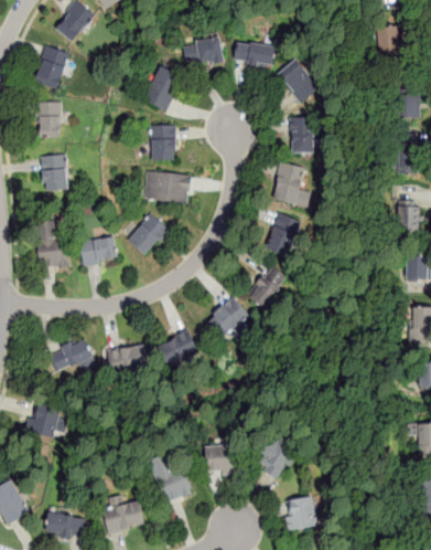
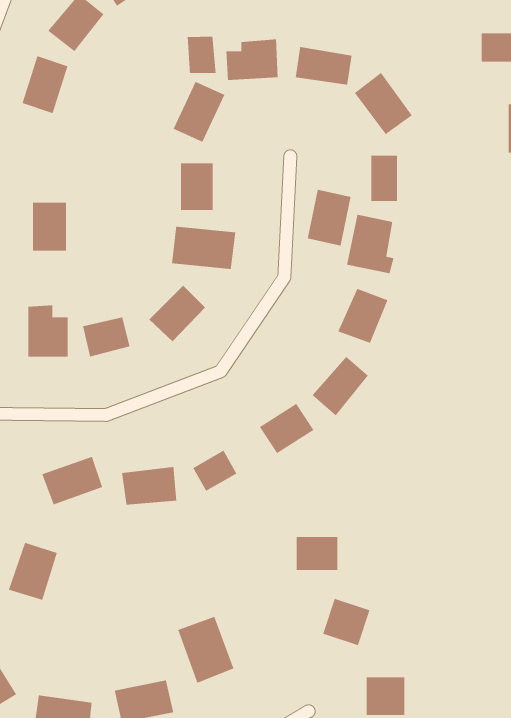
building: none -> [187,36,216,74]
building: [37,102,61,136] -> none
building: none -> [307,189,352,247]
building: [203,448,234,474] -> [296,536,338,571]

